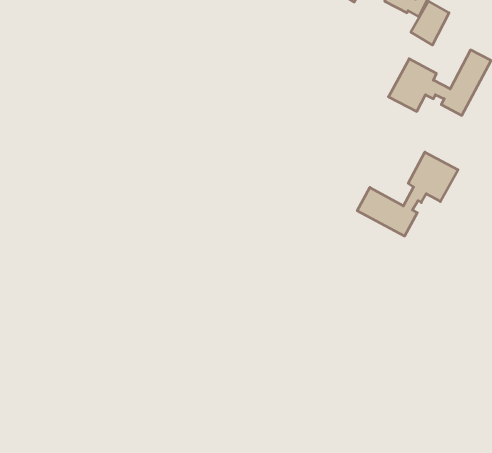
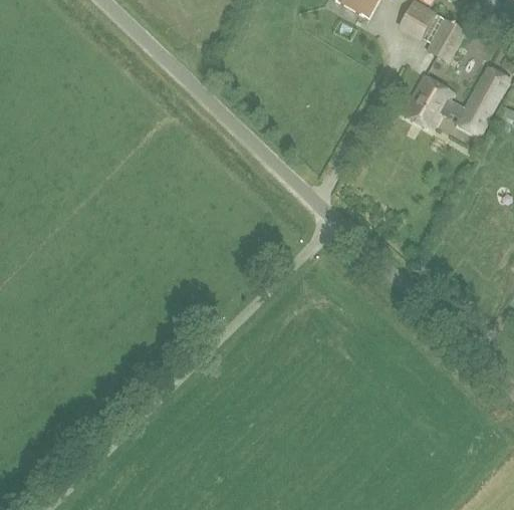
building: [357,152,458,236] -> none

